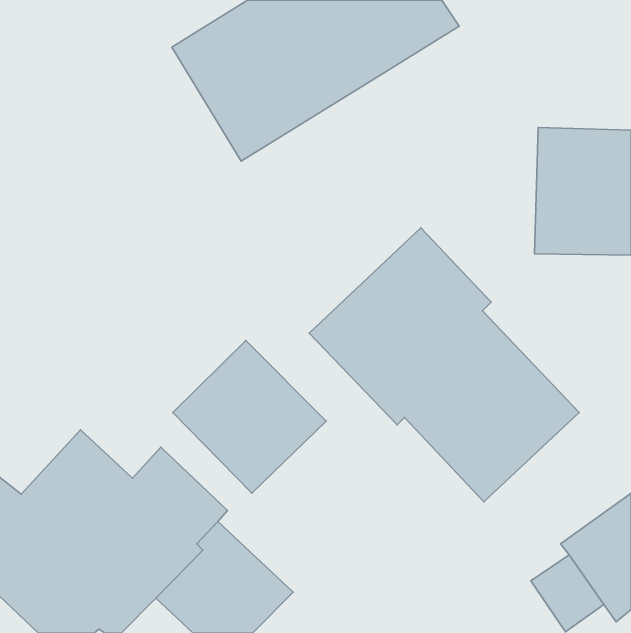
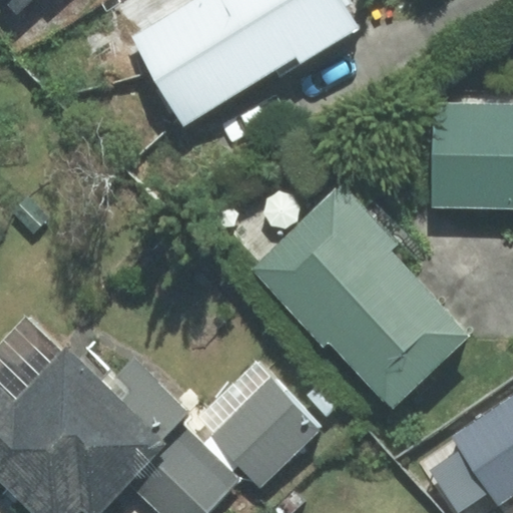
building: [173,341,326,493] -> [195,363,320,486]

